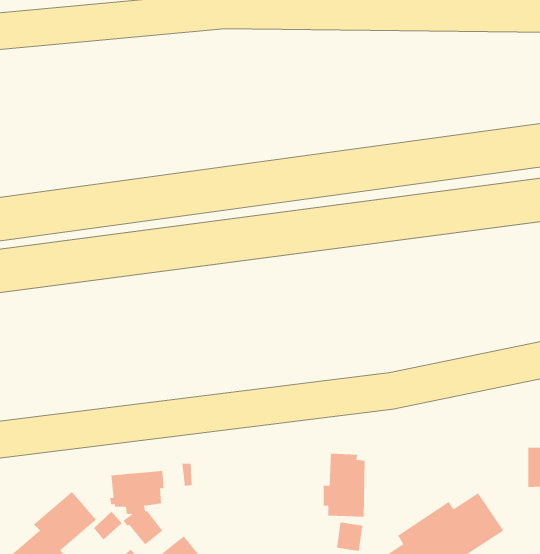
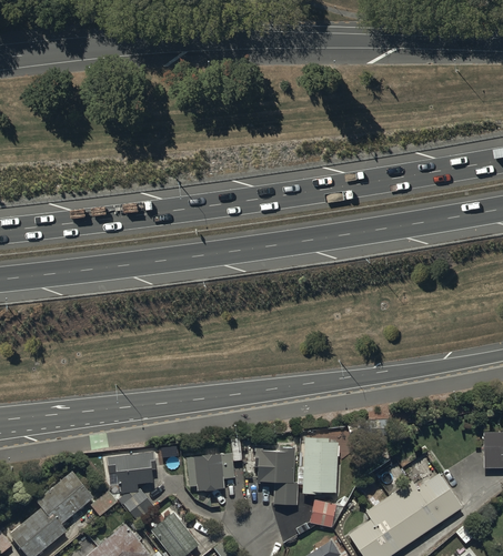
building: none -> [255,447,296,505]
building: none -> [188,455,234,492]

